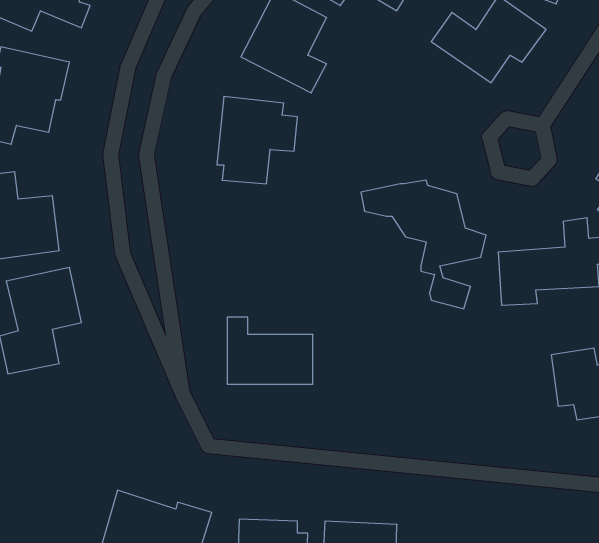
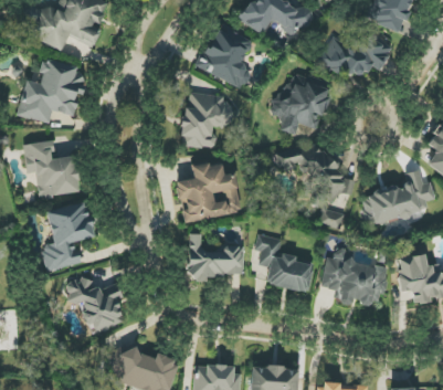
building: none -> [272,73,330,135]
building: none -> [176,161,241,222]
building: none -> [254,234,313,293]
building: none -> [321,247,386,305]
building: none -> [65,277,123,333]

